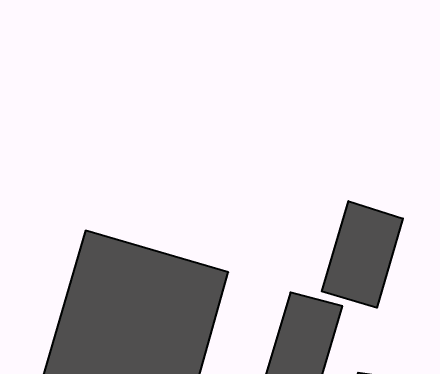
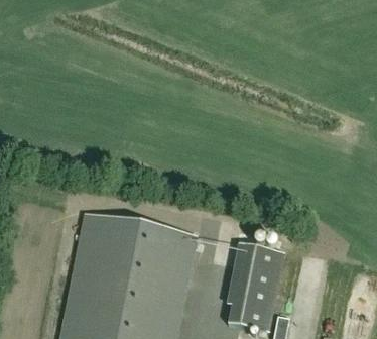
building: [322,201,403,308] -> none

